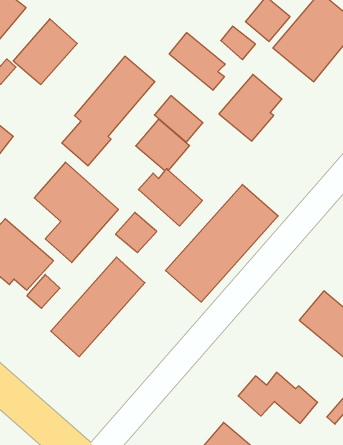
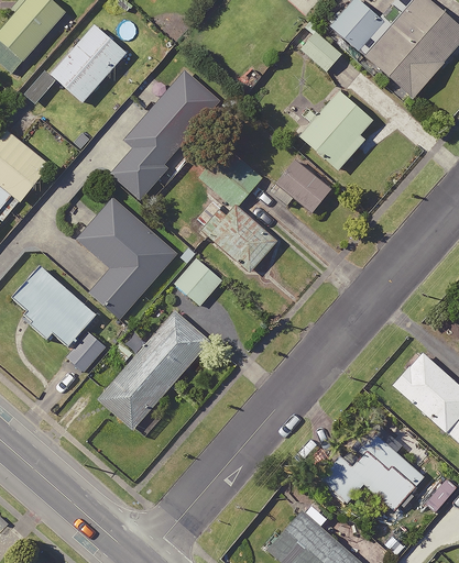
building: [169,33,225,90] -> none
building: [154,96,203,142] -> [275,159,334,216]
building: [165,184,278,302] -> none

